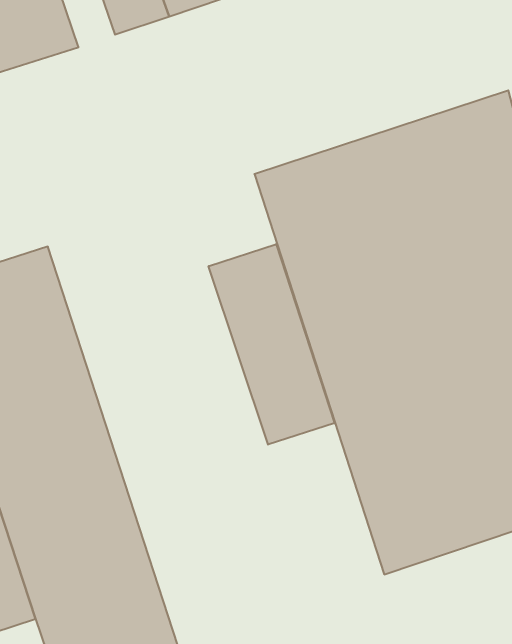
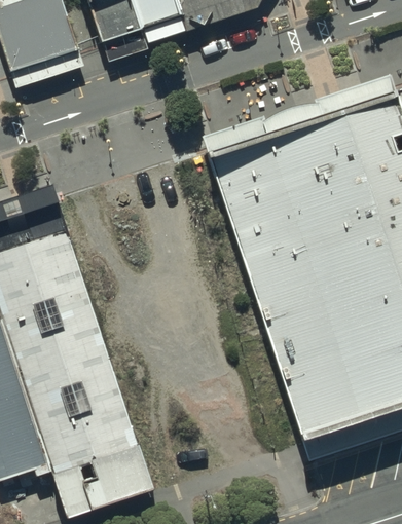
building: [209,244,334,445] -> none

